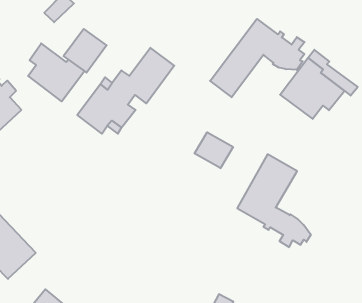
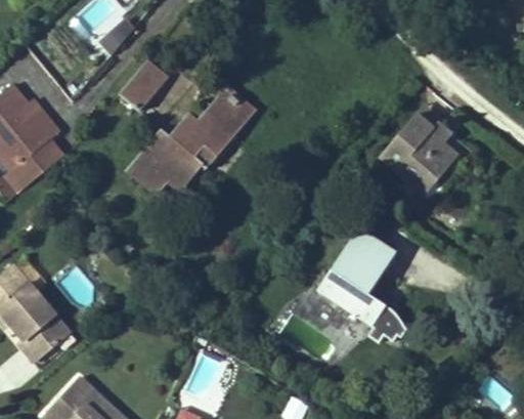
building: [210,19,305,97] -> none
building: [28,43,84,101] -> none
building: [195,132,233,168] -> none

